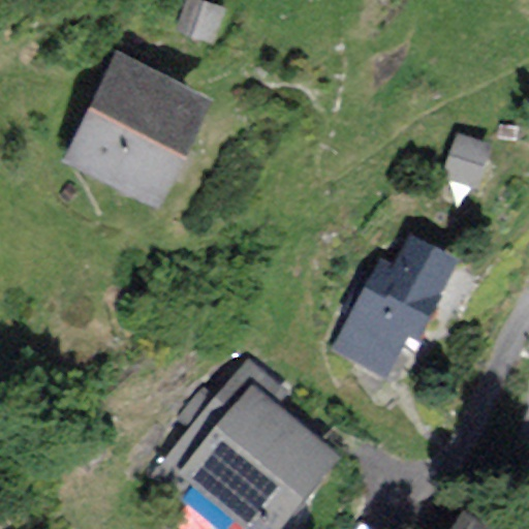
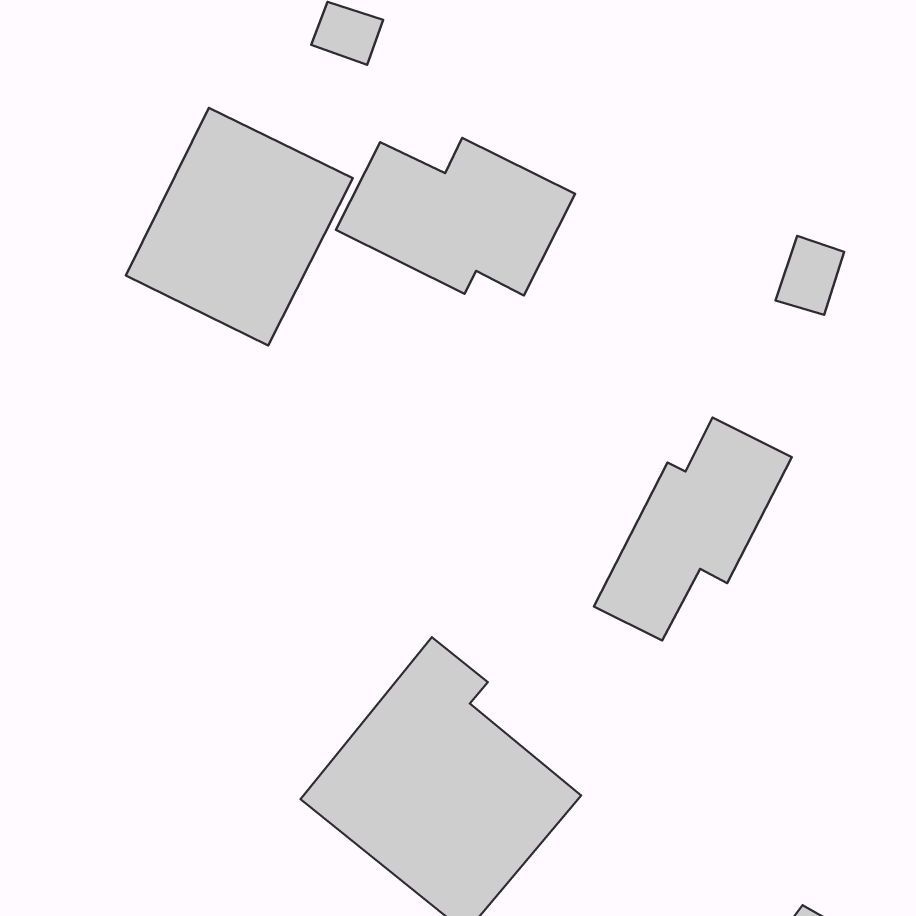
building: none -> [336,138,575,295]

